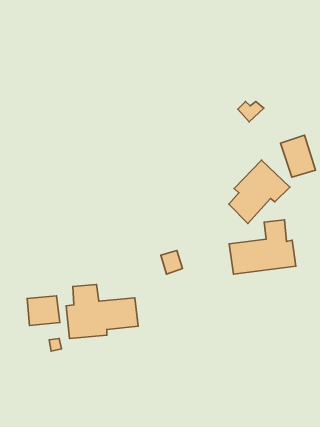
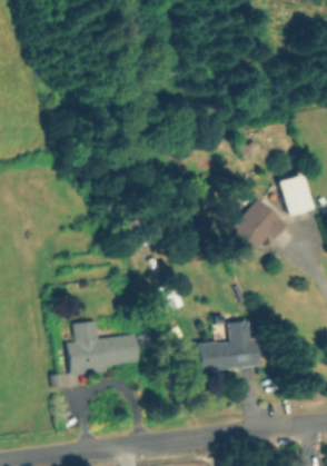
building: [229,220,296,274] -> [195,319,260,373]
building: [27,296,60,325] -> none

